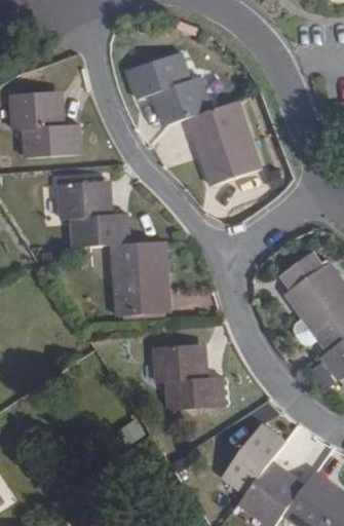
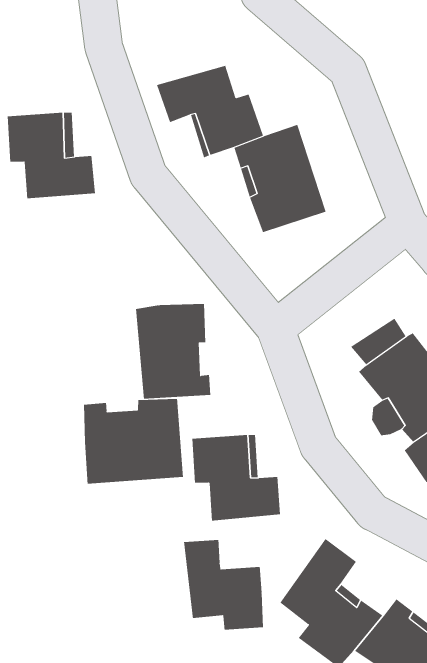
building: [60,182,129,246] -> none
building: none -> [84,398,183,485]
building: none -> [183,539,263,630]

